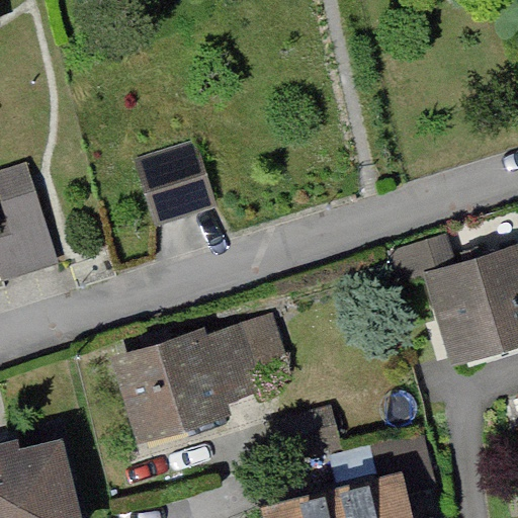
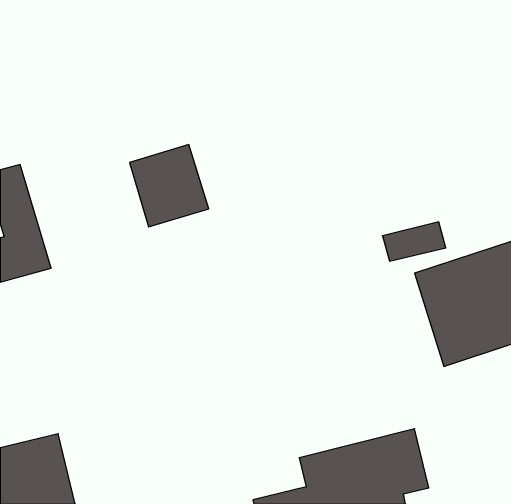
building: [107,324,288,453] -> none

